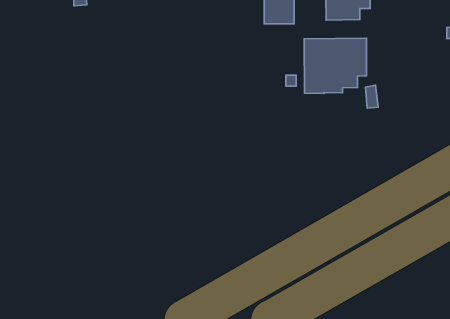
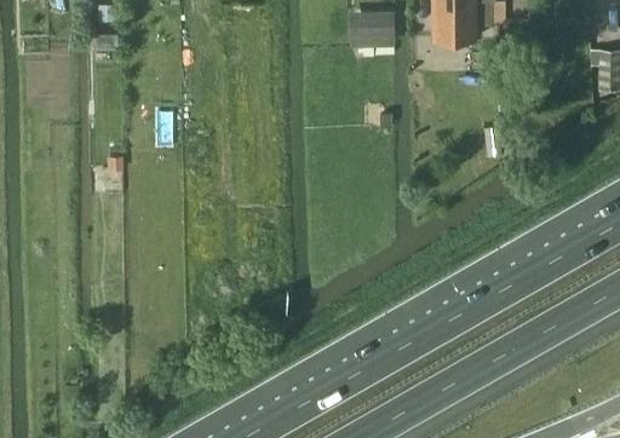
building: [304,38,367,93] -> none

